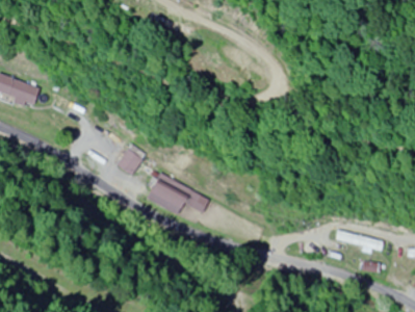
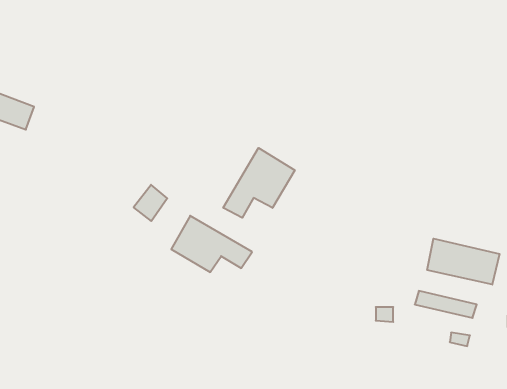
building: none -> [223,148,295,218]
building: none -> [427,239,500,285]

